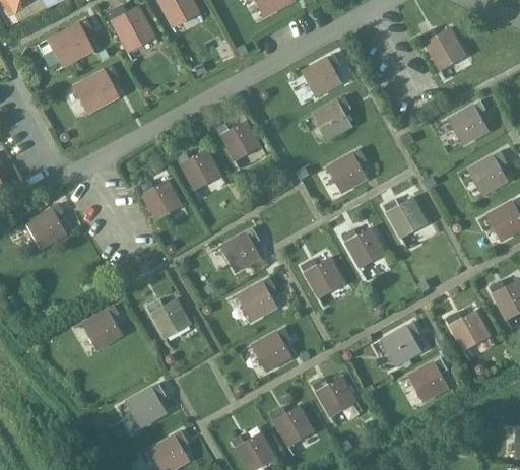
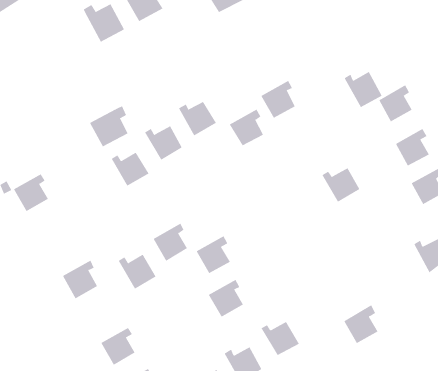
building: [47,18,92,67] -> none
building: [421,27,466,70] -> [344,71,382,108]
building: [301,53,342,97] -> none
building: [72,65,118,114] -> [89,105,129,147]
building: [327,148,368,192] -> [229,109,264,146]
building: [220,227,261,272] -> [153,223,188,261]
building: [341,227,386,268] -> none
building: [301,257,344,297] -> none
building: [446,310,491,351] -> none
building: [380,321,421,366] -> none

